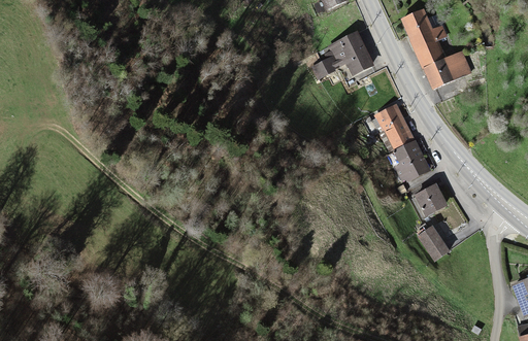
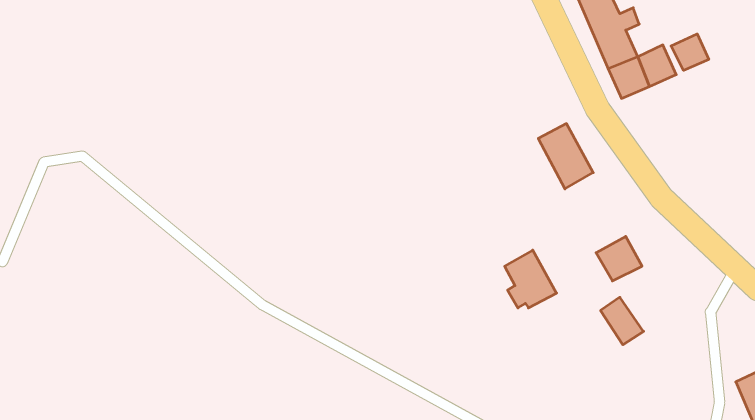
building: [314,32,371,77] -> none
building: none -> [671,34,709,70]
building: [393,139,429,179] -> [505,250,557,308]

